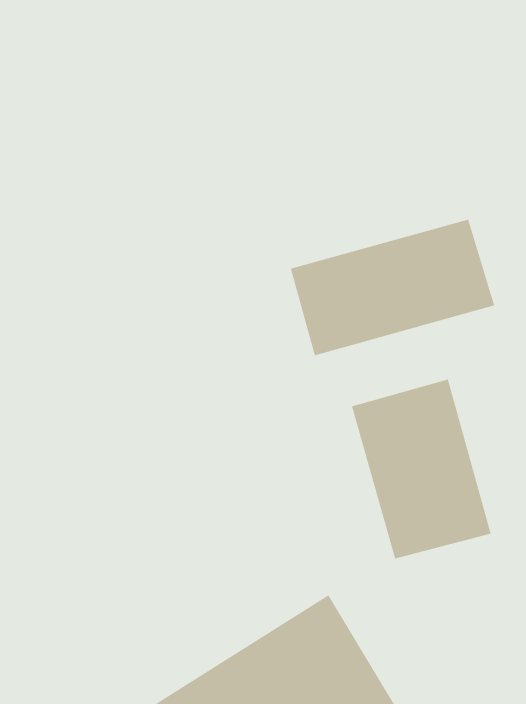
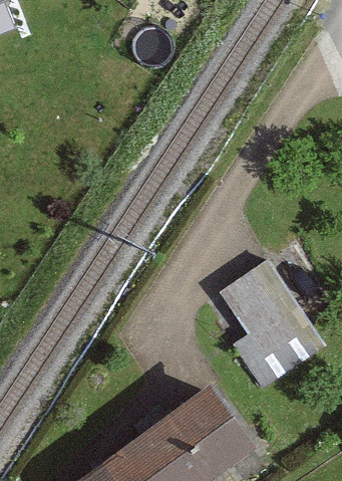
building: [290,219,495,356] -> none

